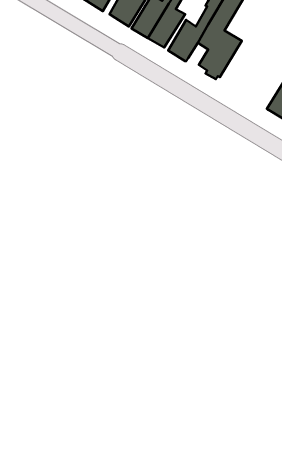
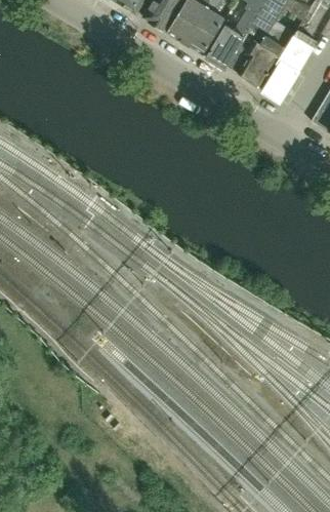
building: none -> [262,33,315,102]

